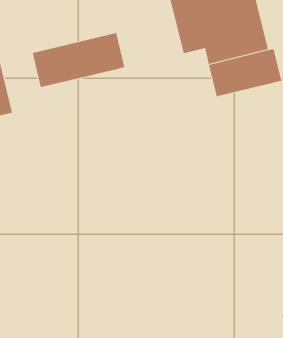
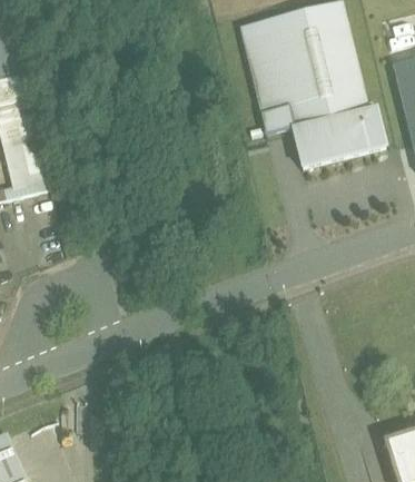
building: [32,32,125,88] -> none

